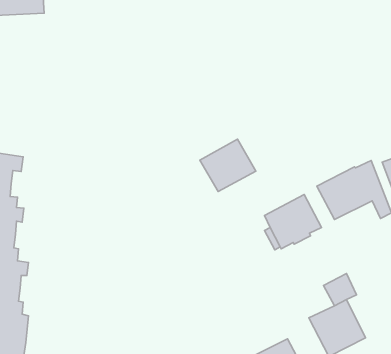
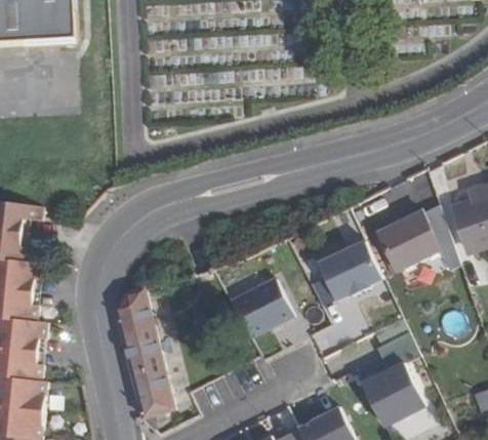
building: [200,139,256,191] -> [231,278,293,336]
building: none -> [115,286,174,416]

